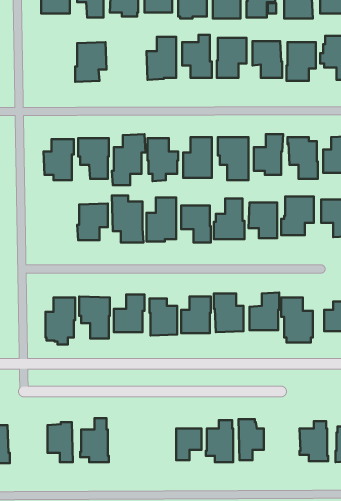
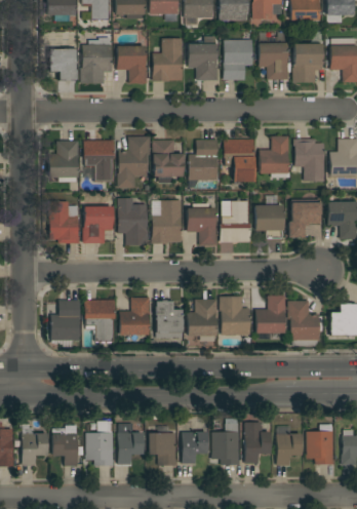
building: none -> [116,46,147,83]
building: none -> [49,49,76,80]
building: none -> [49,202,79,243]
building: none -> [117,424,143,465]
building: none -> [277,426,302,466]
building: none -> [148,433,176,466]
building: none -> [22,434,47,466]

